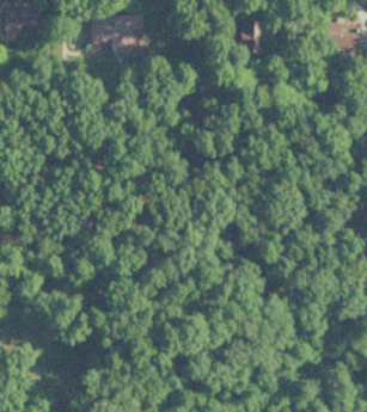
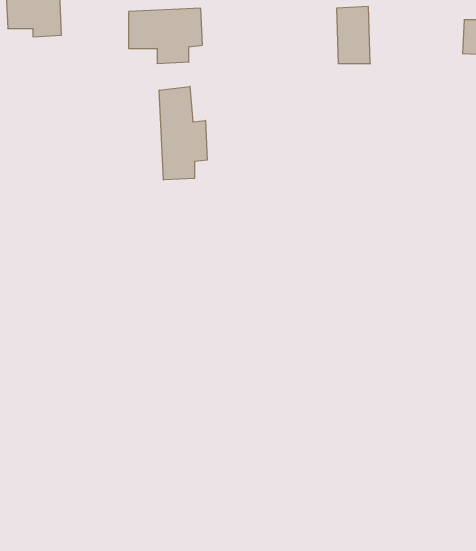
building: none -> [159,86,207,180]

